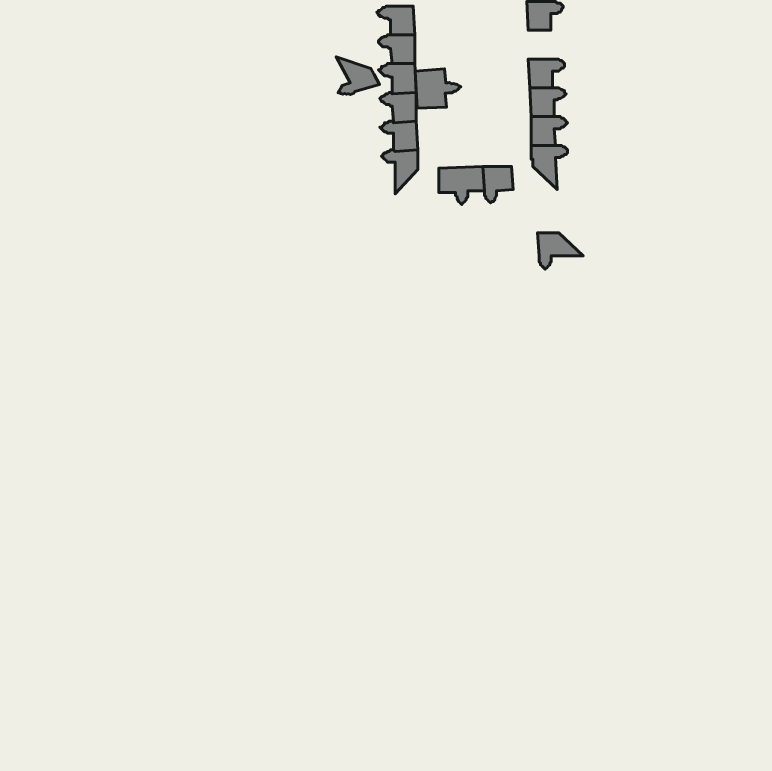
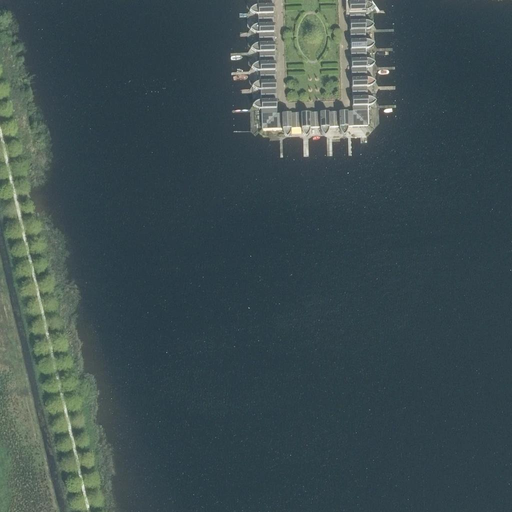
building: none -> [350,20,374,39]
building: [336,57,380,94] -> none
building: [415,69,461,108] -> none
building: none -> [262,111,291,136]
building: [538,233,583,269] -> [339,110,369,134]

